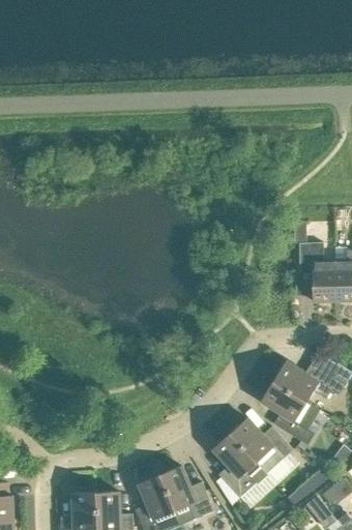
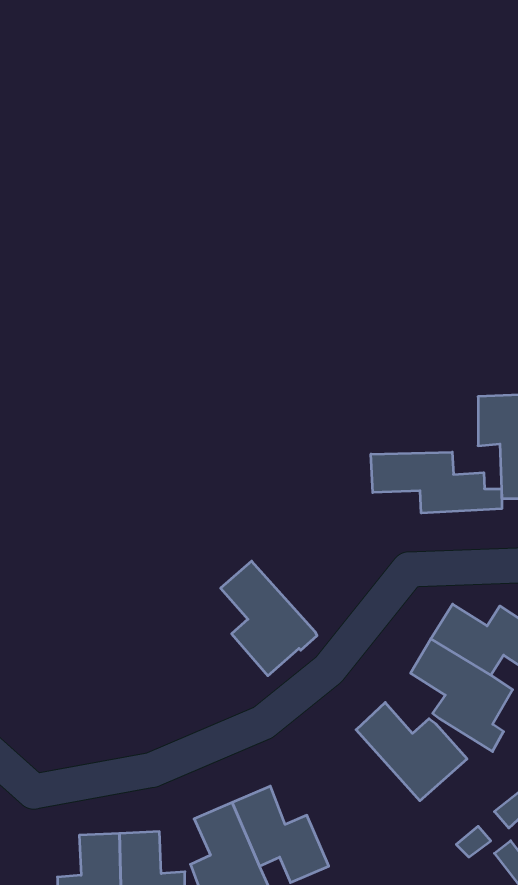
building: none -> [371,452,502,513]
building: [212,433,267,498] -> [221,561,317,676]

